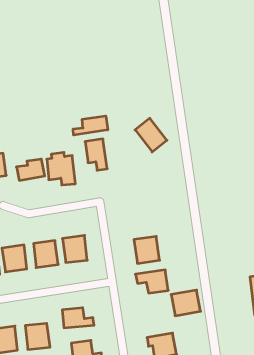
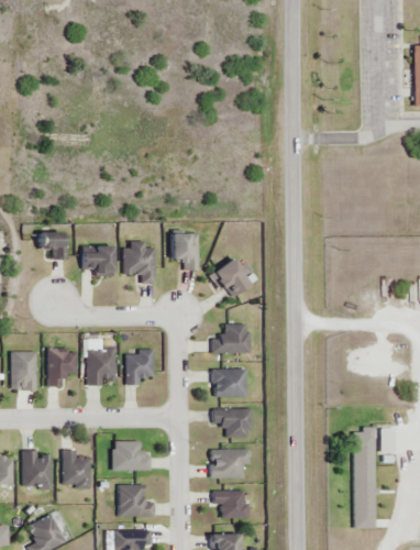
building: [73,116,108,135] -> none
building: [135,118,167,152] -> [214,254,253,297]
building: none -> [217,324,250,351]
building: [171,290,201,316] -> [211,450,245,479]

